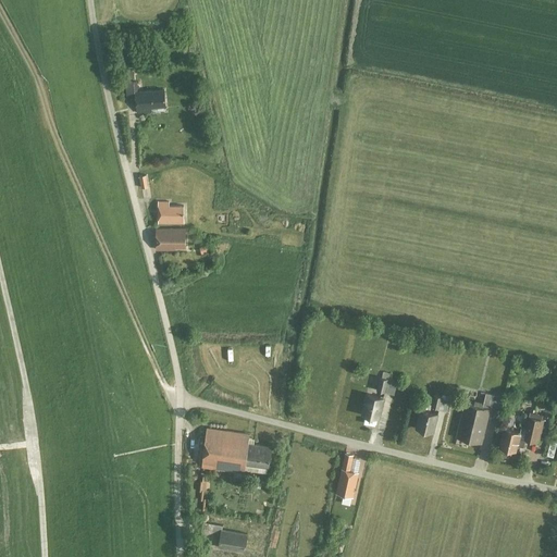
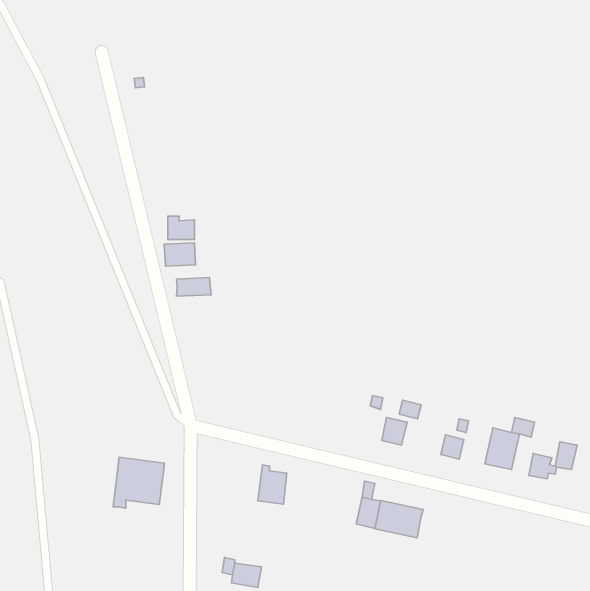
building: [137,91,168,116] -> none
building: none -> [176,278,211,296]
building: [200,429,248,476] -> [113,457,164,508]
building: none -> [375,501,423,538]

